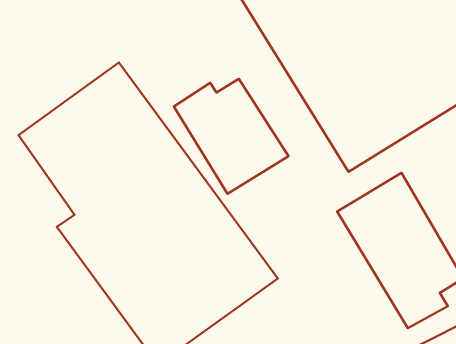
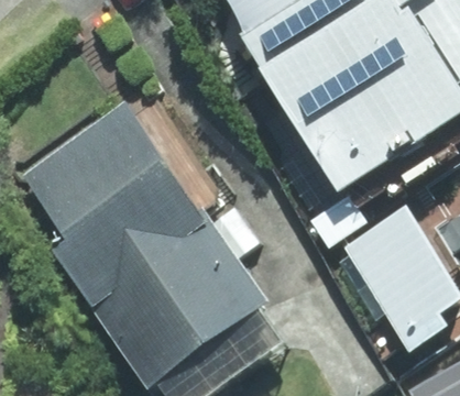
building: [174,79,289,194] -> none

